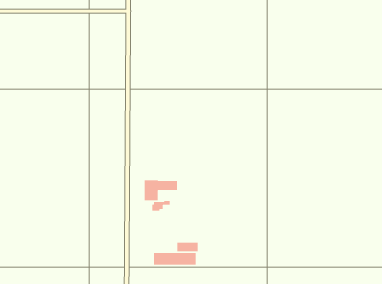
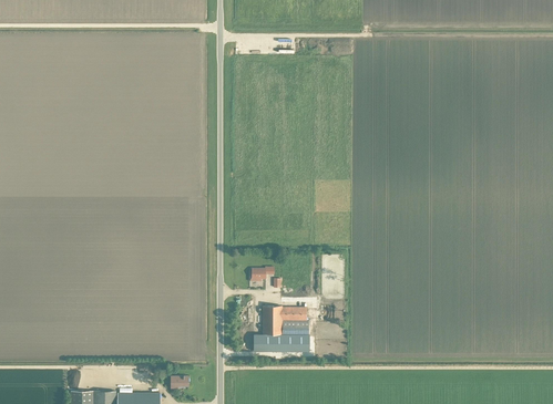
building: [144,179,178,201] -> [264,305,307,333]

